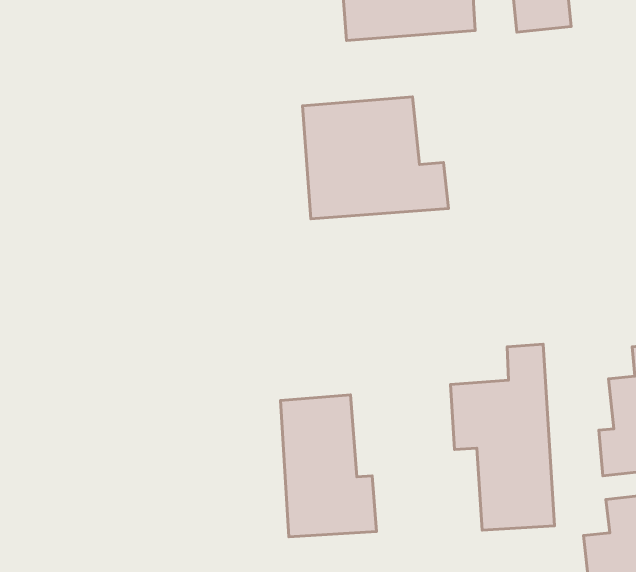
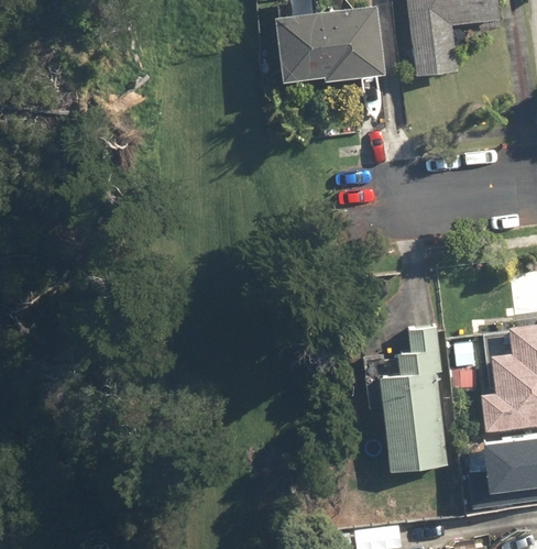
building: [303,97,449,219] -> none
building: [281,395,377,537] -> none

